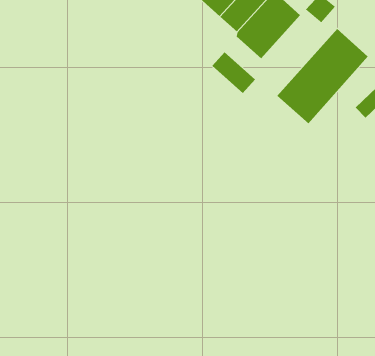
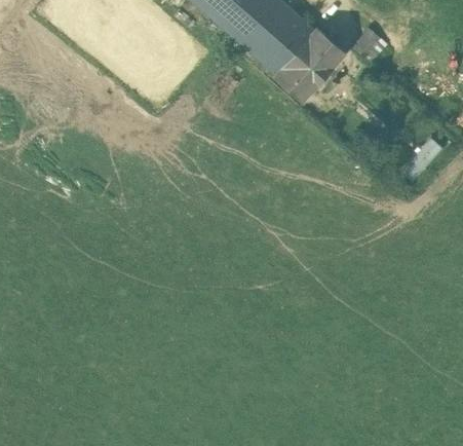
building: [276,28,368,124] -> none
building: [211,51,256,94] -> none

